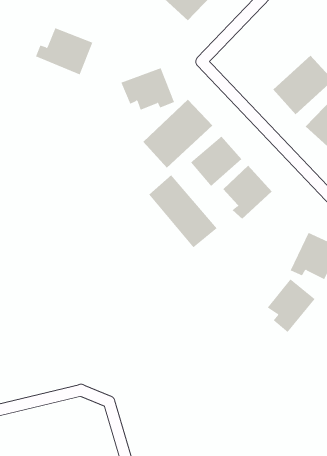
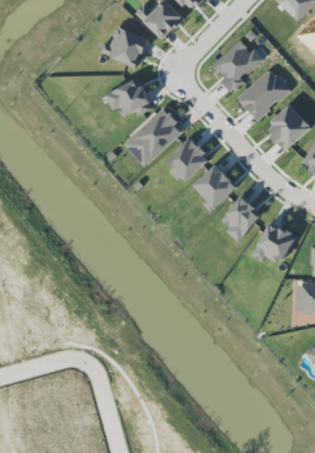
building: none -> [211,40,264,94]
building: [35,27,93,75] -> [100,27,150,68]
building: [148,175,217,248] -> none
building: [267,278,316,333] -> [220,195,263,243]

